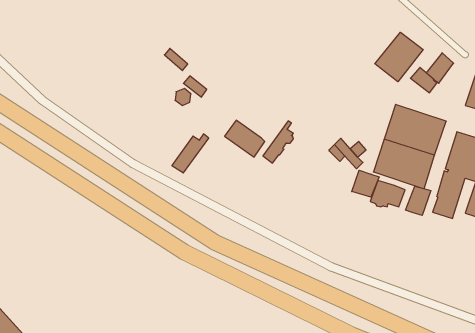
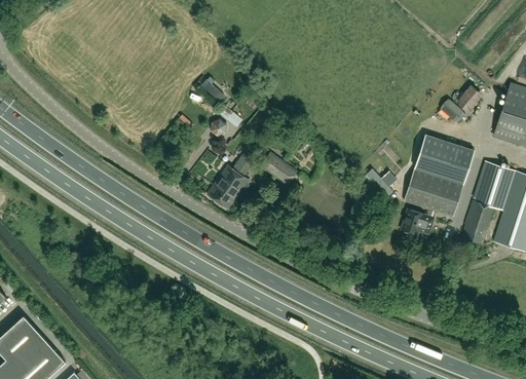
building: [375,32,423,82] -> none
building: [263,121,293,163] -> [219,167,249,209]
building: [352,170,379,197] -> none
building: [406,186,431,215] -> none

